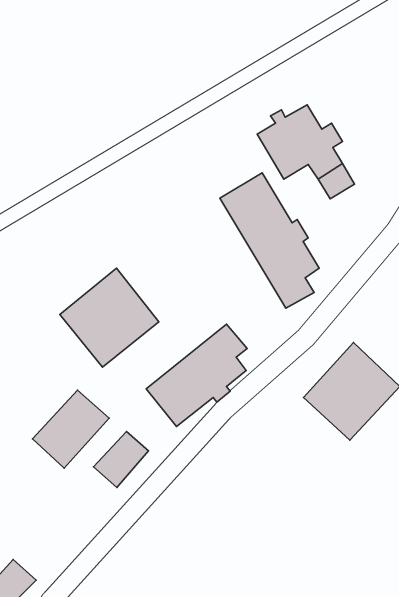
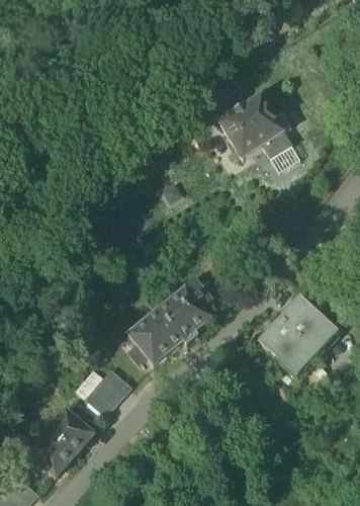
building: [220,173,319,308] -> none
building: [60,268,159,367] -> none
building: [32,390,109,468] -> [28,411,92,476]

